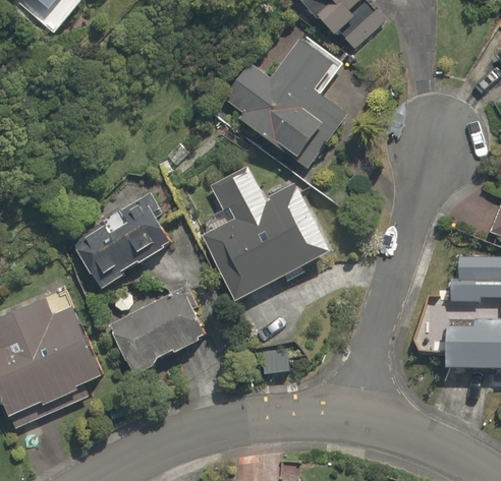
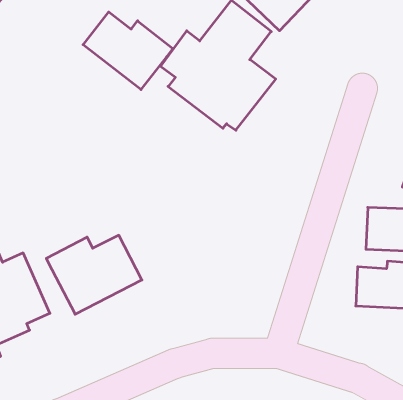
building: none -> [83,12,173,90]
building: [201,157,328,298] -> none
building: [72,192,176,288] -> none

